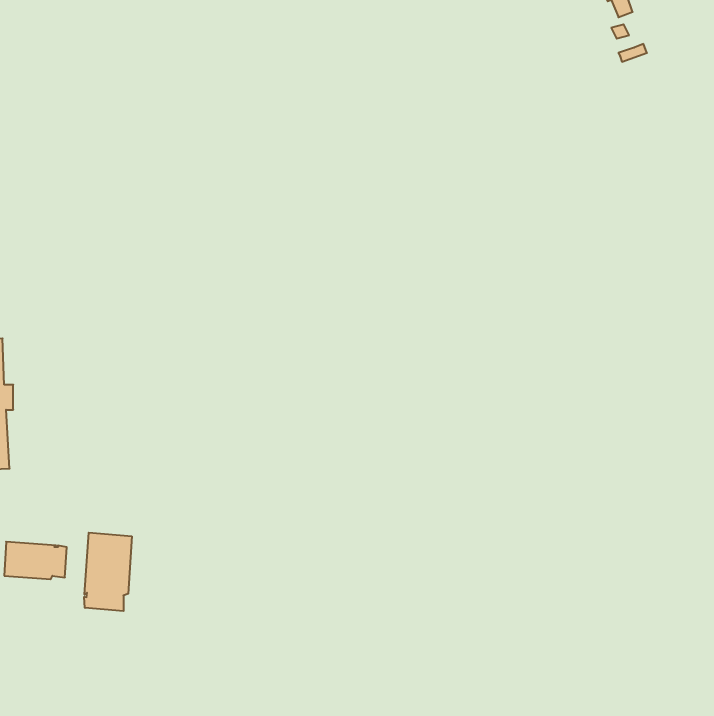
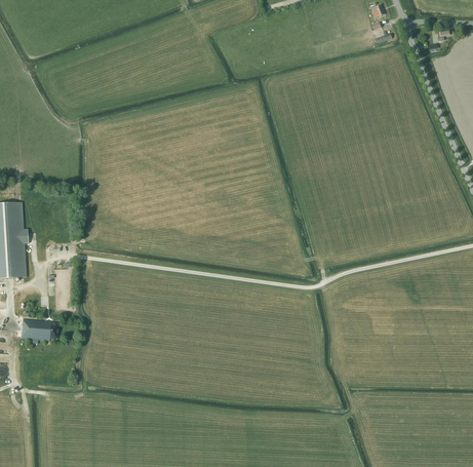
building: [84,533,132,611] -> none

